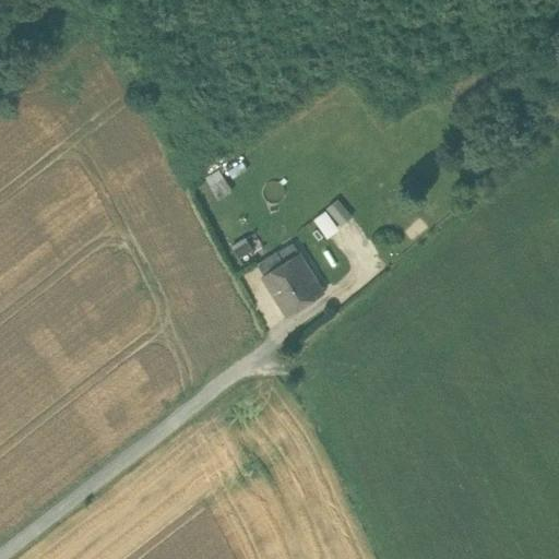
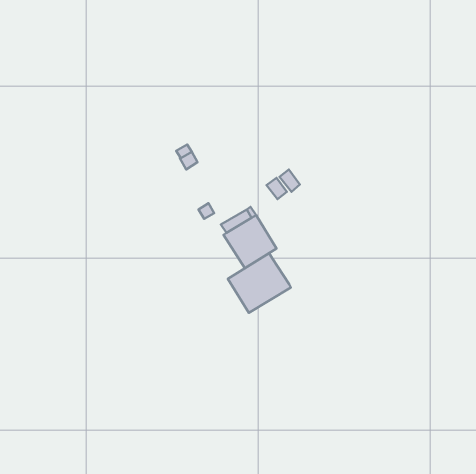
building: none -> [228,253,291,313]

